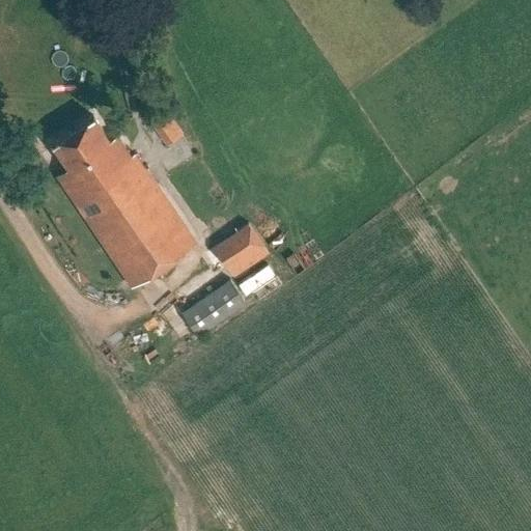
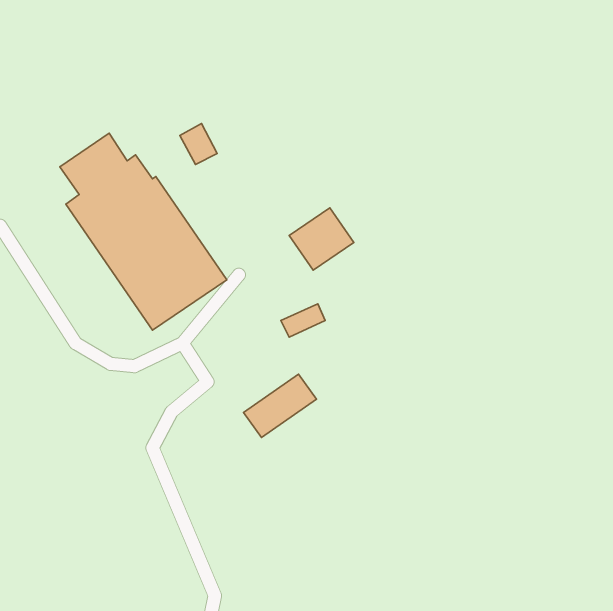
building: [214,225,270,279] -> [289,208,354,270]
building: [181,280,245,335] -> [243,374,317,438]

